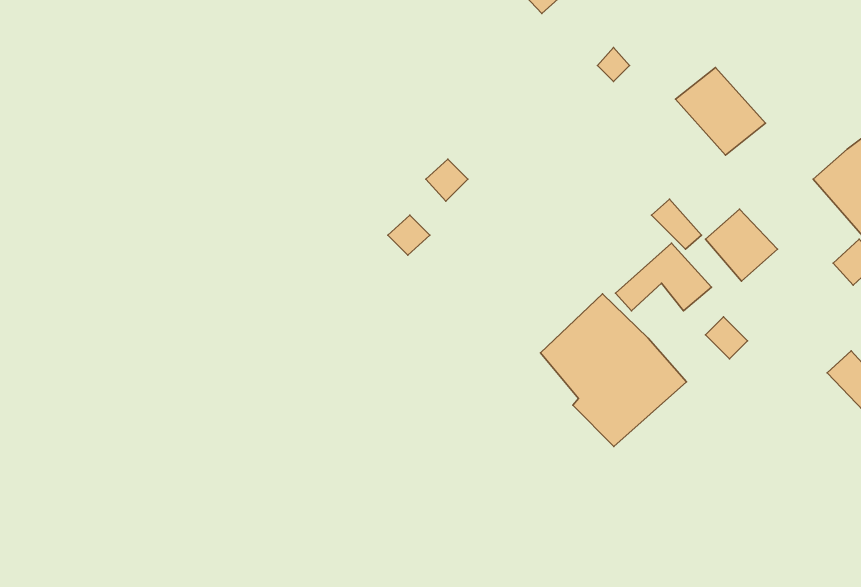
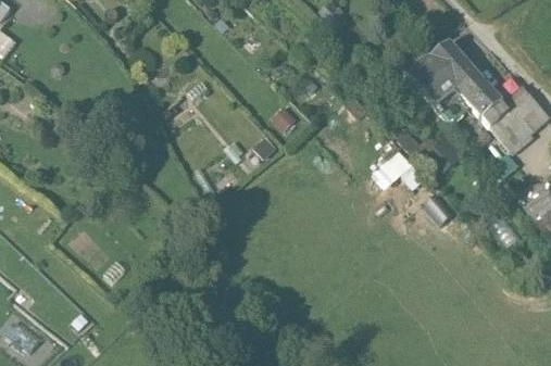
building: none -> [428,41,501,118]
building: [540,294,686,446] -> none

